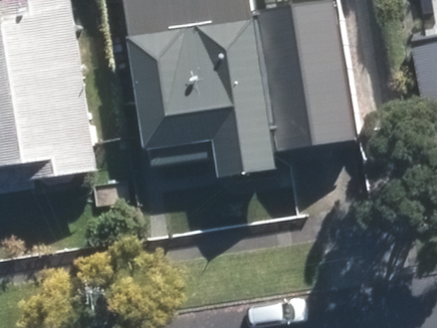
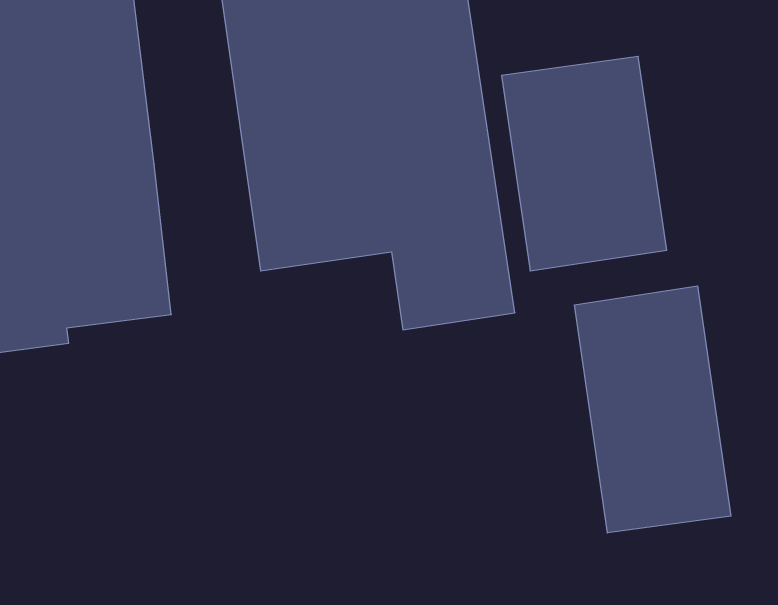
building: none -> [575,286,731,533]

